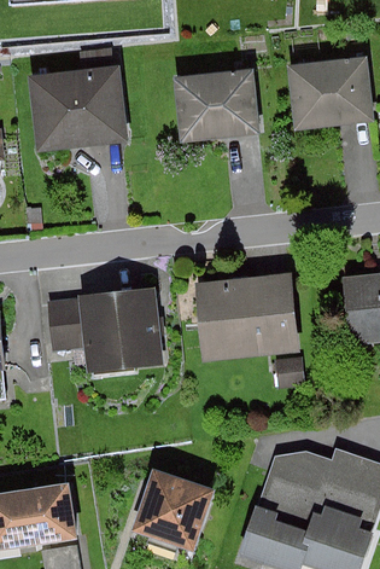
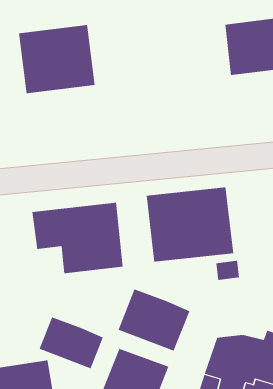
building: [175,69,261,140] -> none
building: none -> [118,288,190,352]
building: none -> [39,316,104,369]

